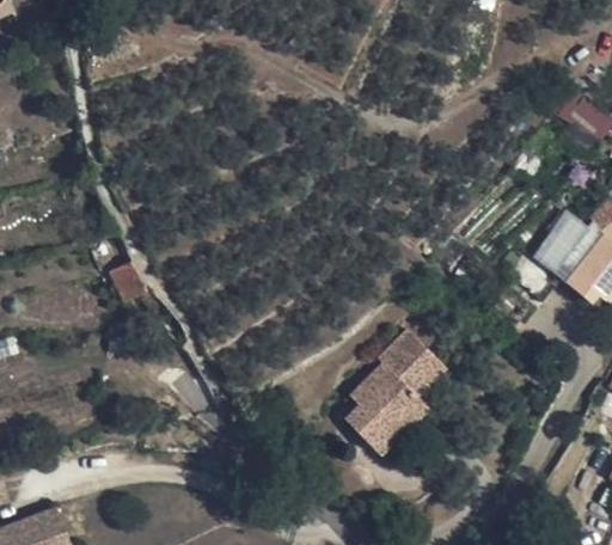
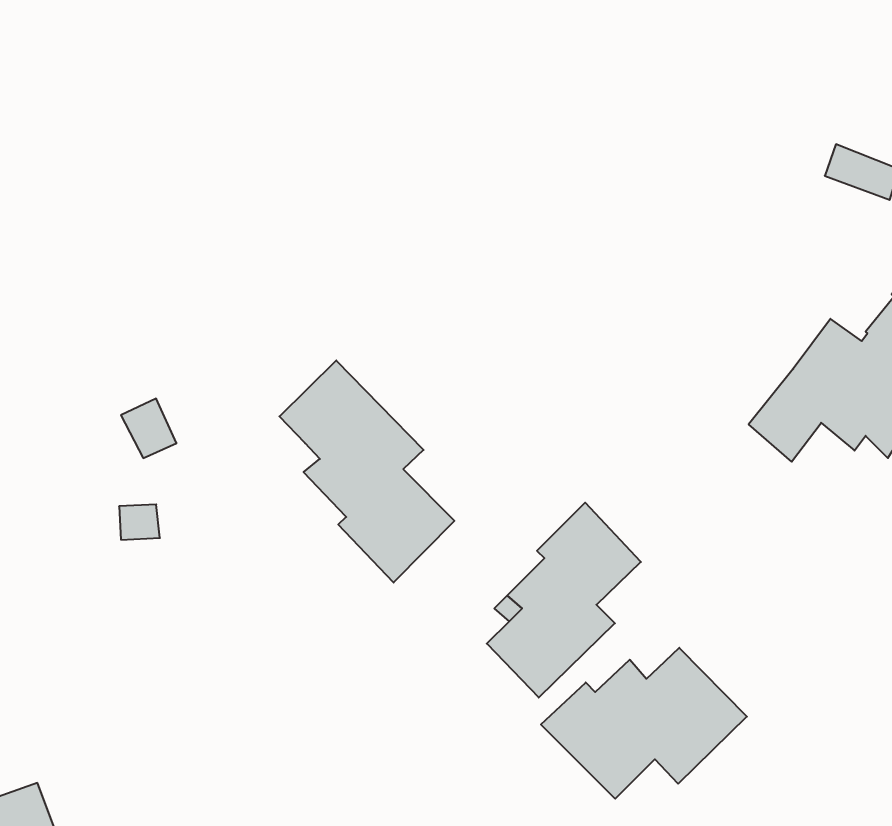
building: none -> [279,360,454,583]
building: none -> [541,648,747,799]

